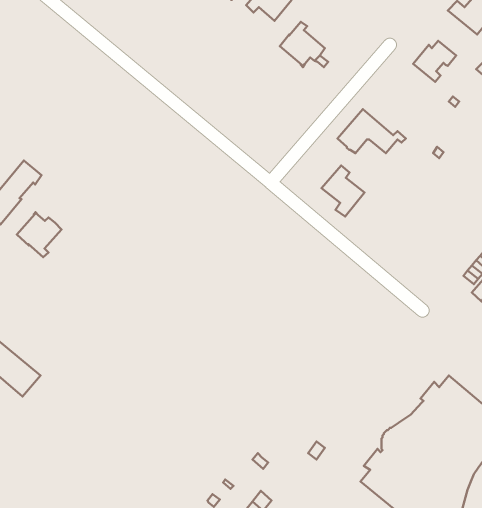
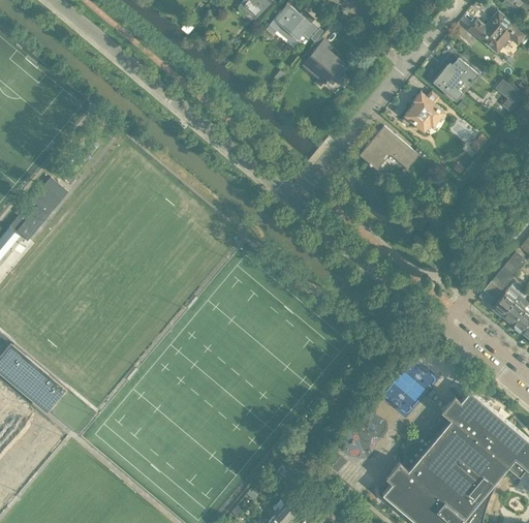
building: none -> [403,94,446,132]
building: none -> [449,118,488,157]
building: [322,166,364,216] -> none
building: [17,212,62,257] -> none

